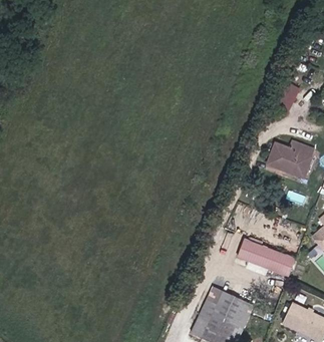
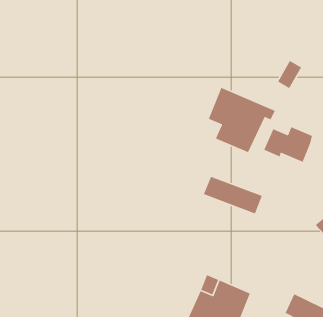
building: none -> [208,87,276,153]
building: [238,239,295,276] -> [203,176,263,215]

